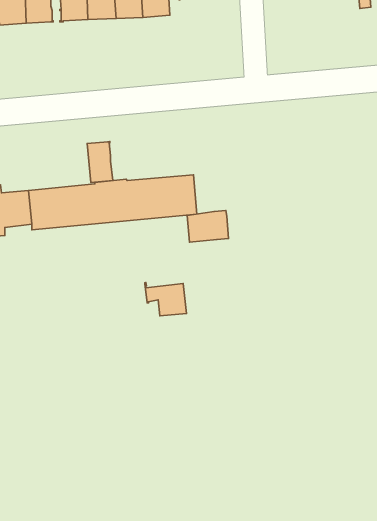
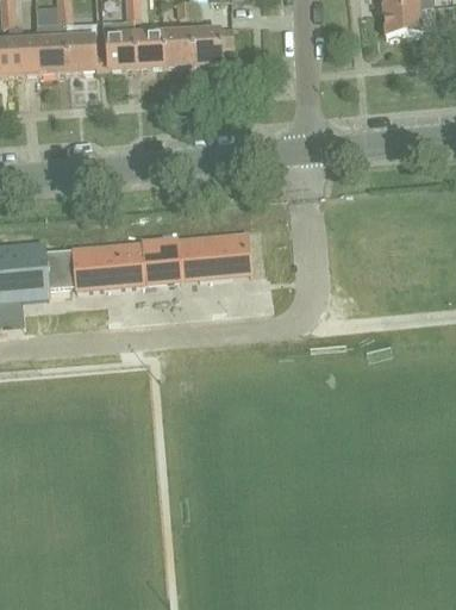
building: [87,141,113,183] -> none
building: [187,211,228,242] -> none
building: [145,283,186,316] -> none

